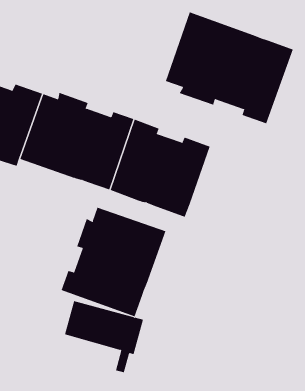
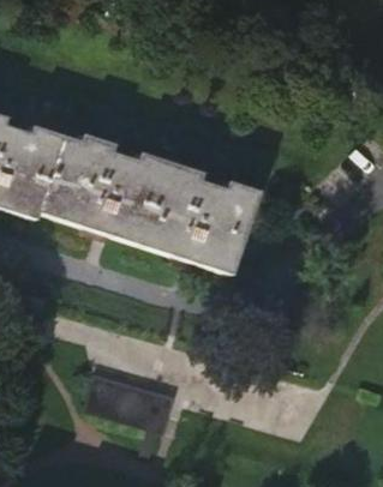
building: [165,12,294,124] -> none
building: [61,207,166,317] -> none

